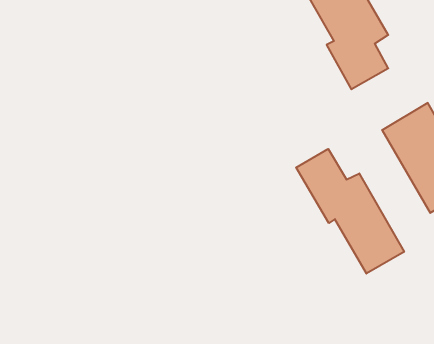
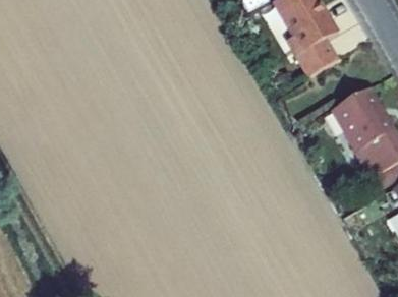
building: [296,149,404,274] -> none

